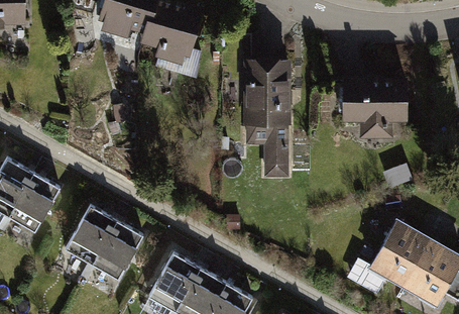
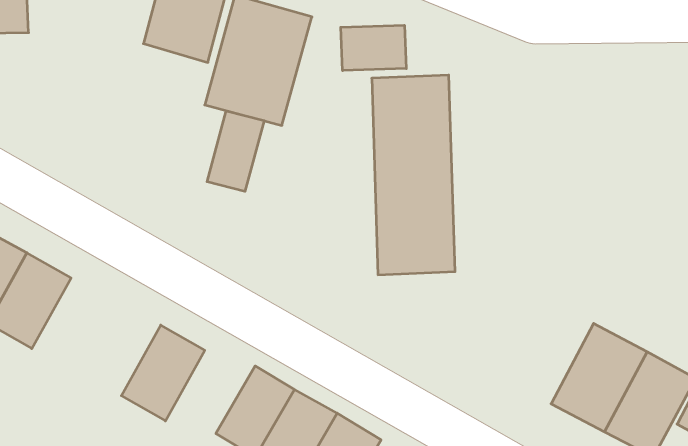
building: none -> [341,25,406,71]
building: [339,72,409,136] -> none
building: none -> [207,111,264,191]
building: [60,202,115,265] -> none

